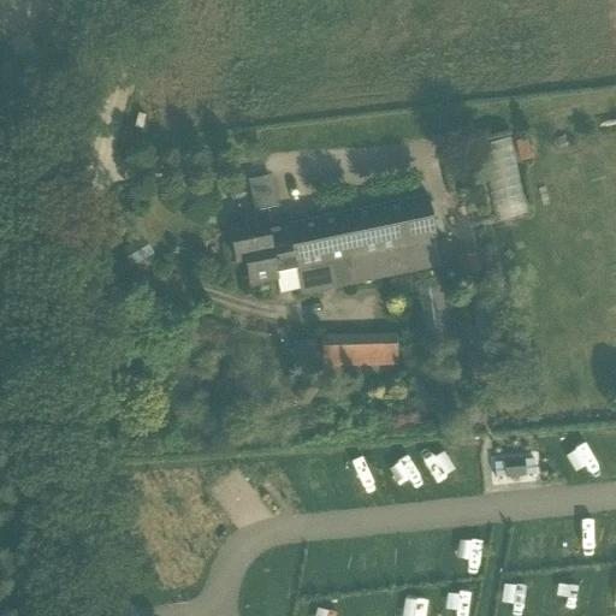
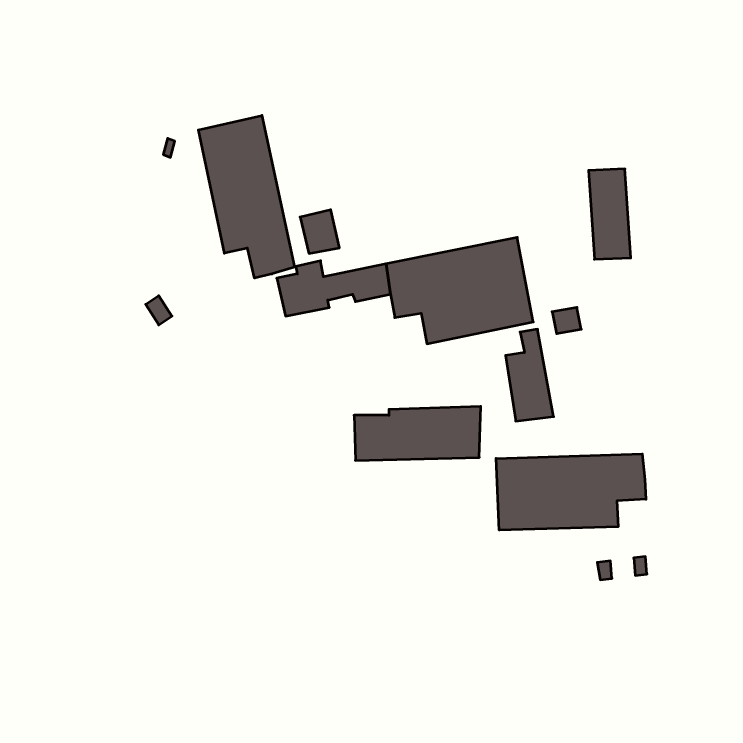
building: none -> [198,115,294,278]
building: [237,243,354,295] -> none
building: none -> [496,454,646,530]

